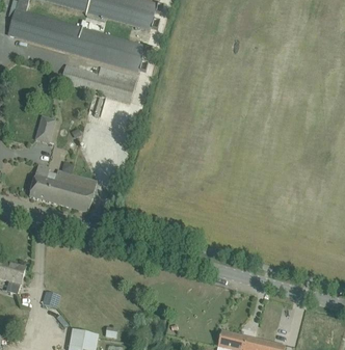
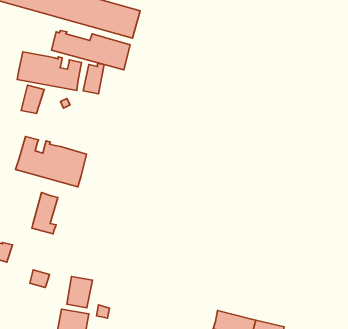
building: none -> [17,52,81,91]
building: none -> [32,193,58,234]
building: none -> [67,276,92,308]

